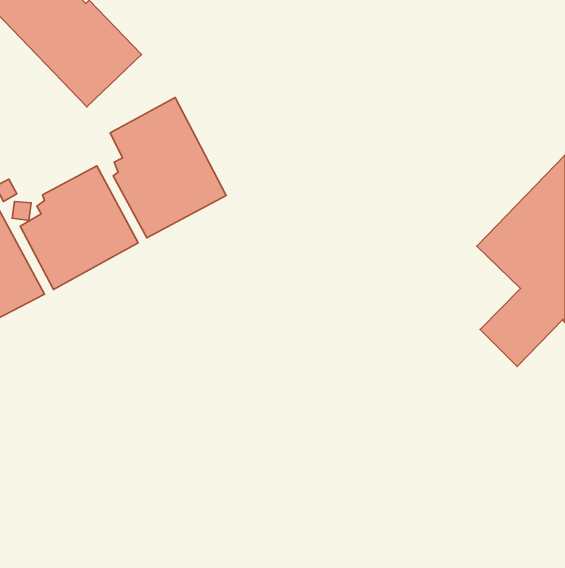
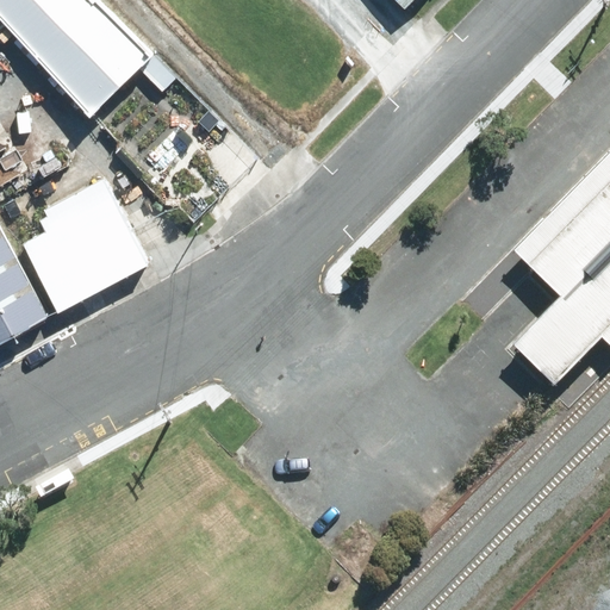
building: [110,97,226,238] -> none

